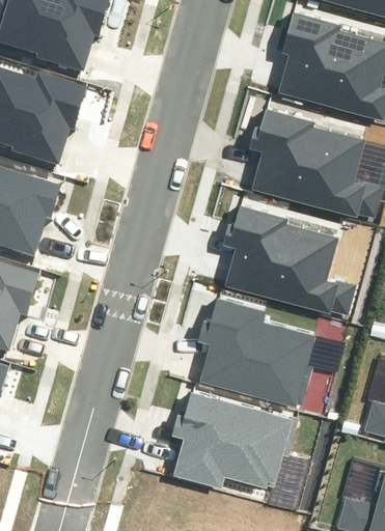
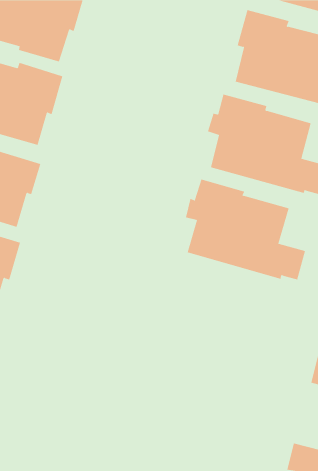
building: [197,298,315,409] -> none
building: [171,389,299,488] -> none

